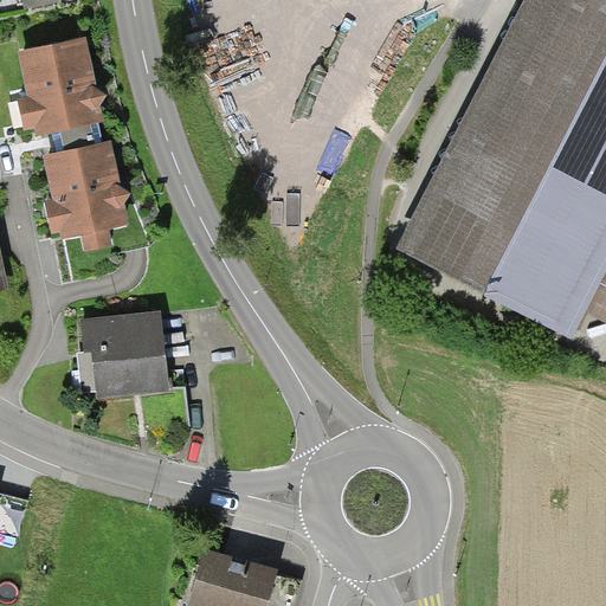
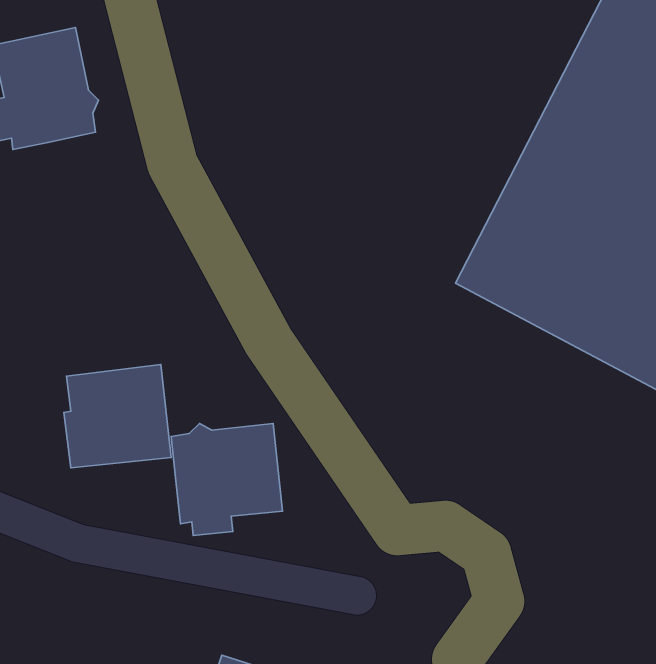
building: [45,141,131,250] -> none
building: none -> [171,423,283,536]

